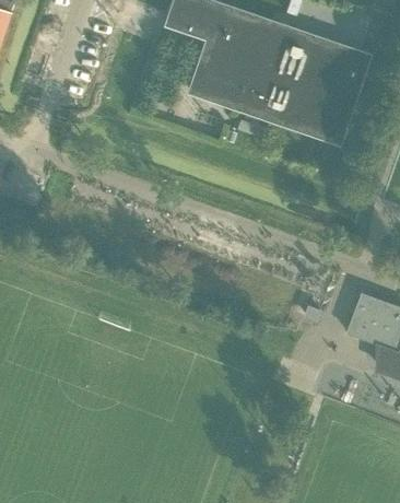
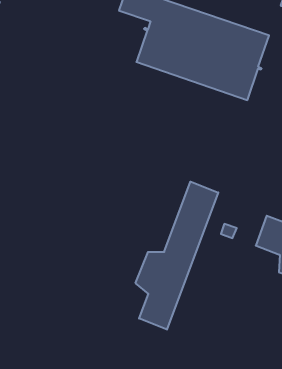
building: none -> [136,182,218,330]

